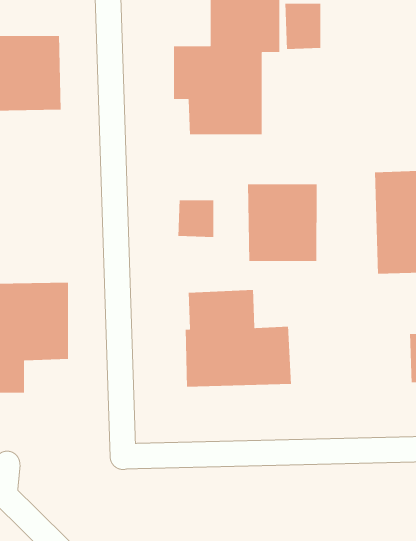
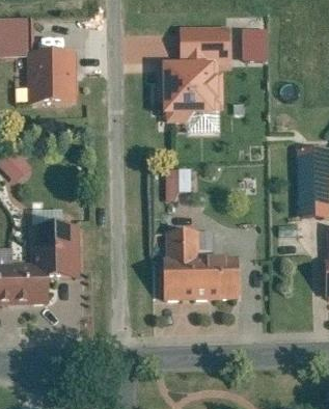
building: [247,183,317,262] -> none

